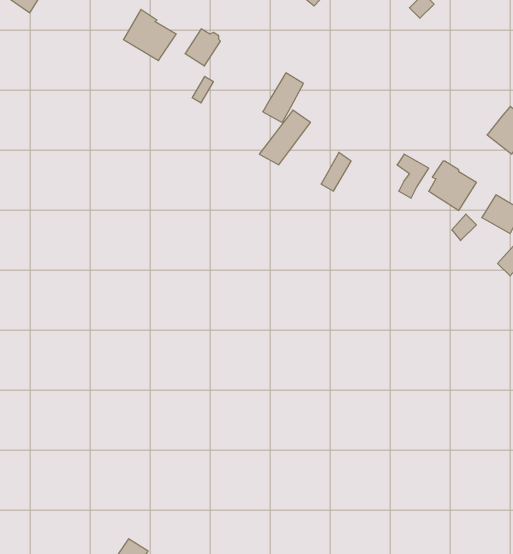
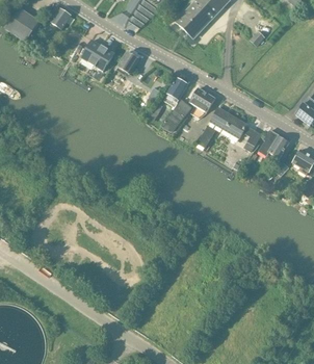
building: none -> [190,86,216,118]
building: none -> [211,106,248,137]

